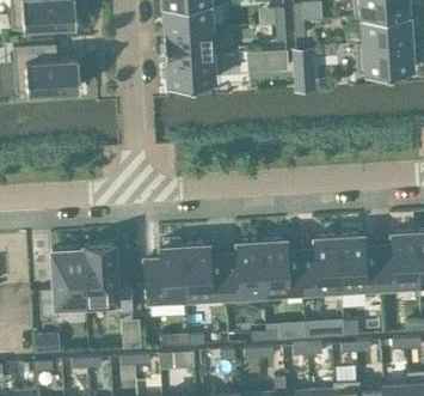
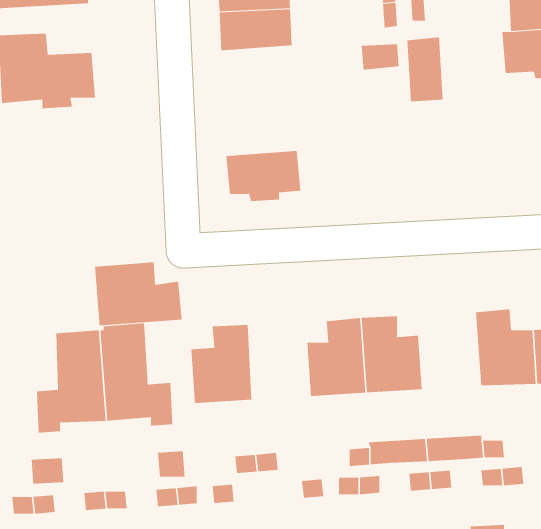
building: [165,55,216,90] -> [226,151,301,201]
building: none -> [94,261,182,326]
building: [300,237,342,290] -> none
building: [184,244,226,297] -> none

